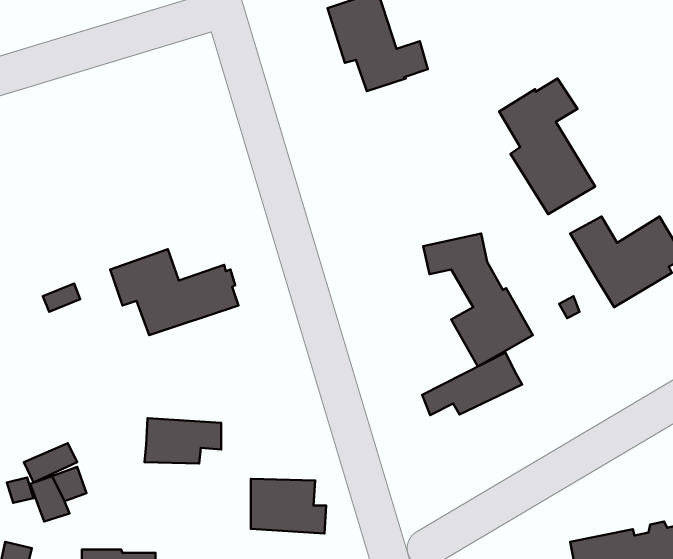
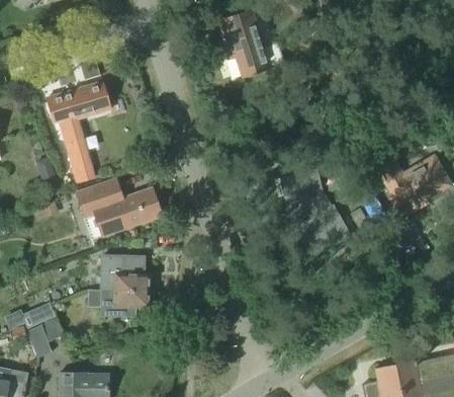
building: [499,78,595,214] -> none
building: none -> [46,81,109,181]
building: [422,353,522,415] -> none
building: [251,479,326,534] -> [102,255,151,291]

